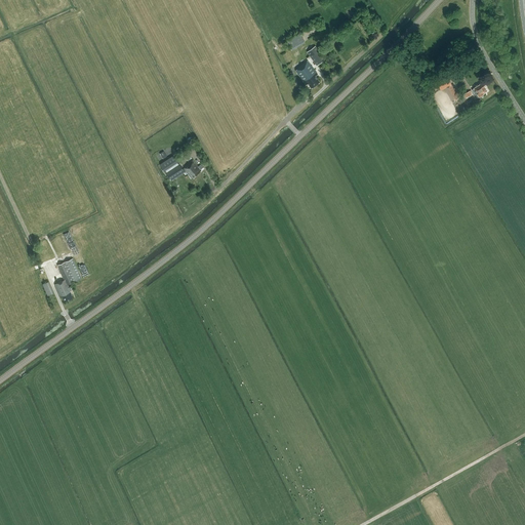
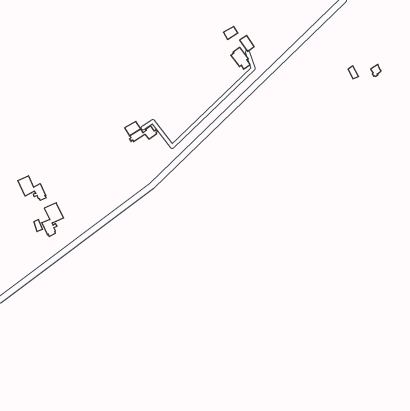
building: none -> [18,176,46,200]

